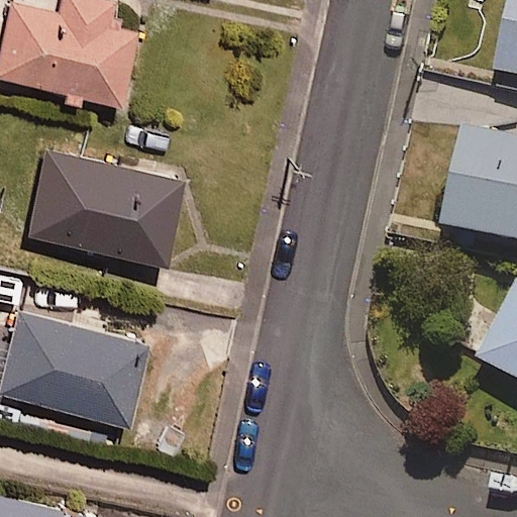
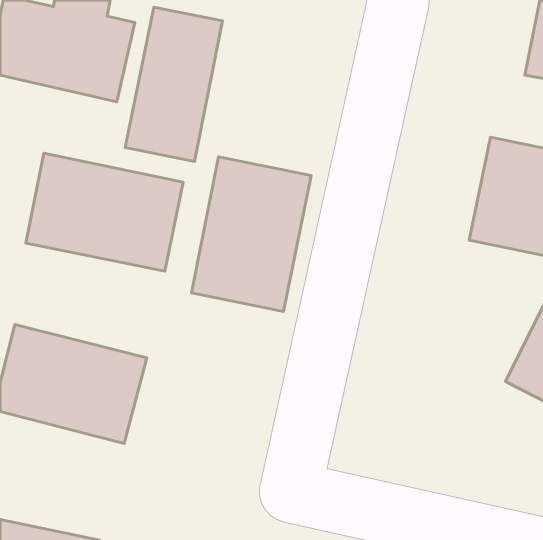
building: none -> [125,7,222,162]
building: none -> [192,157,311,311]

